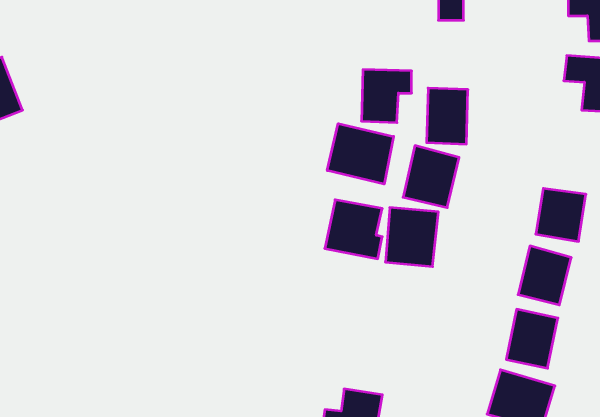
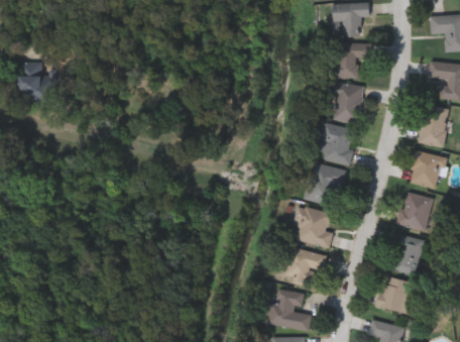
building: [361,70,412,123] -> [334,41,368,78]
building: none -> [418,104,448,146]
building: [327,124,394,184] -> none
building: [325,200,382,259] -> [293,207,332,247]
building: none -> [283,248,325,286]

